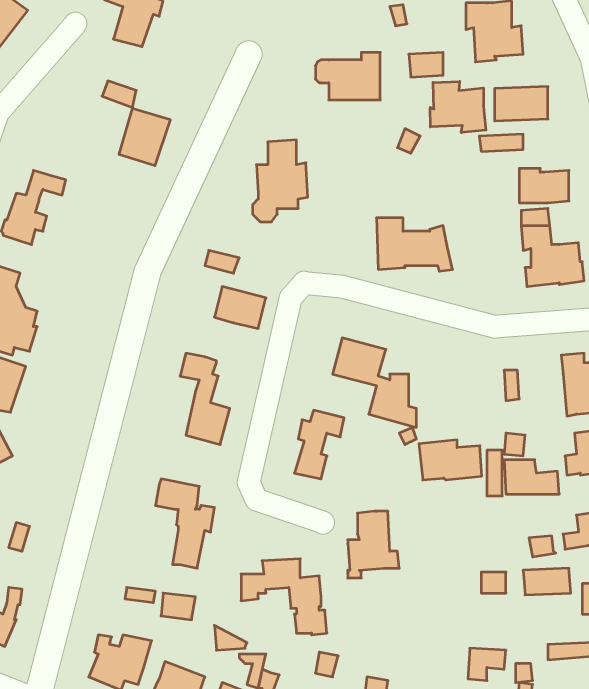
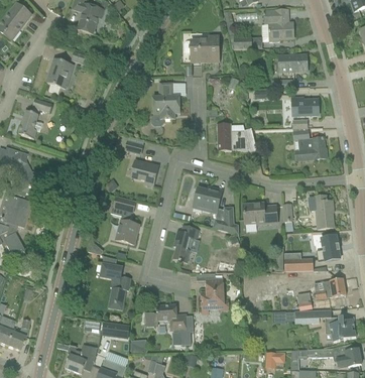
building: [430,81,486,133] -> none
building: [119,109,170,166] -> [47,58,75,89]
building: [419,440,482,480] -> [244,203,277,224]

